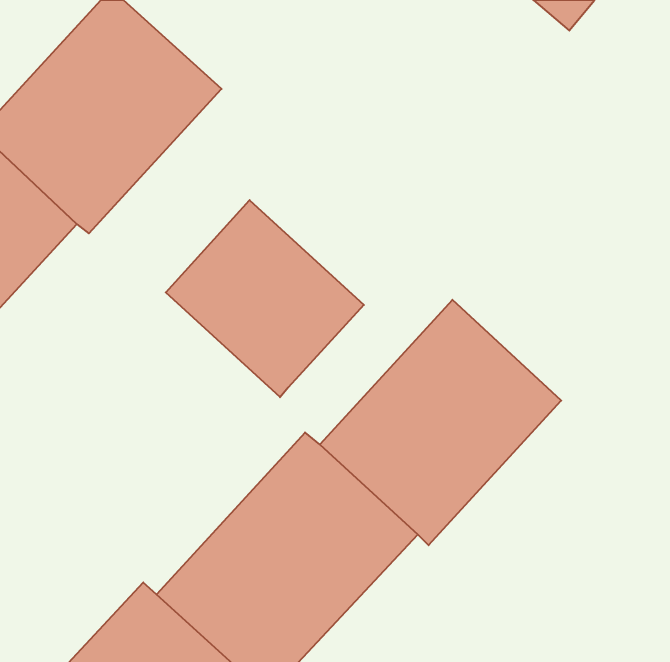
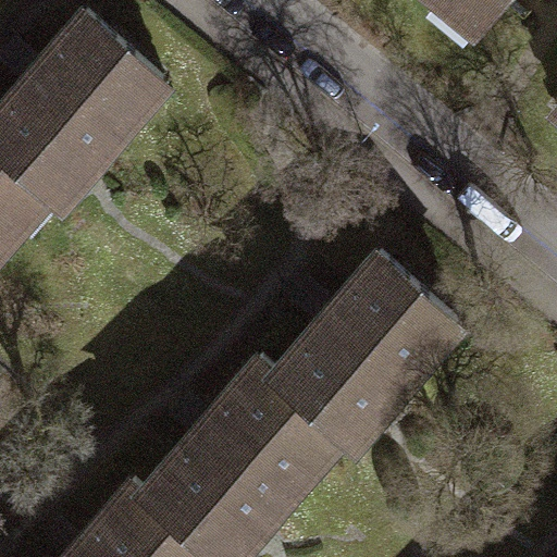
building: [166,200,364,397] -> none

